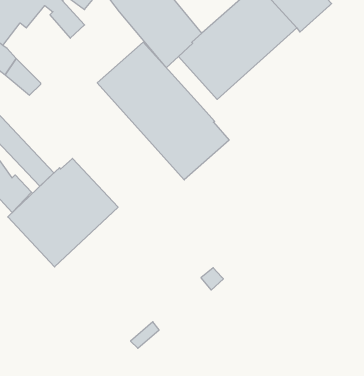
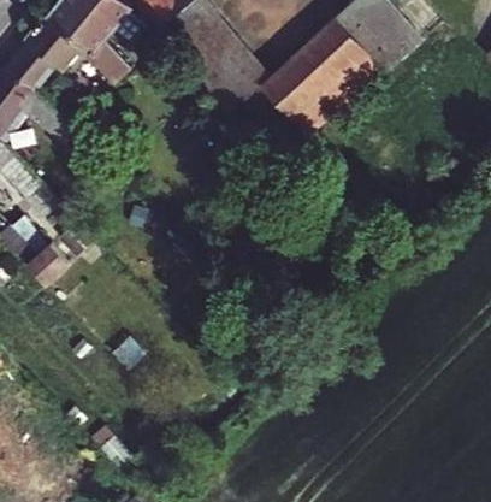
building: [97,42,229,180] -> none
building: [8,158,118,267] -> none

